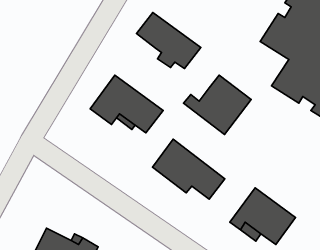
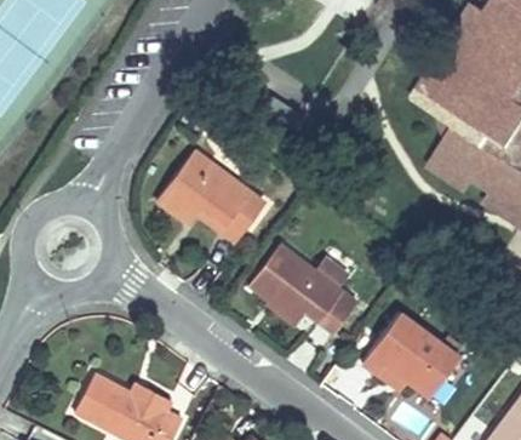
building: [137,12,201,69] -> none
building: [184,75,251,134] -> none

